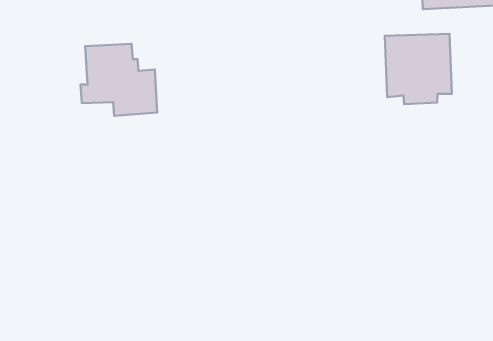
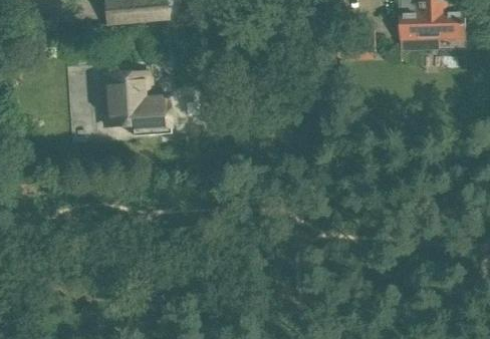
building: [385,34,452,104] -> none

